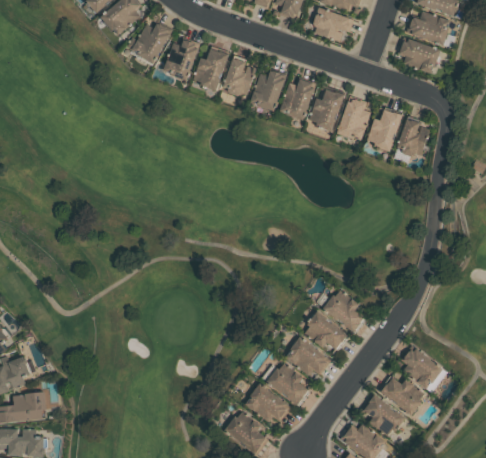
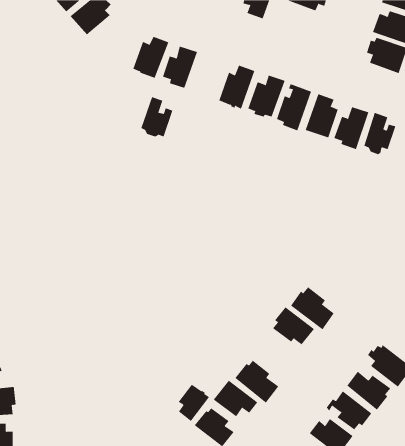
building: [313,7,353,40] -> none
building: [127,14,173,64] -> none
building: [223,55,256,96] -> [140,97,173,137]
building: [285,336,331,375] -> none
building: none -> [178,384,210,422]

